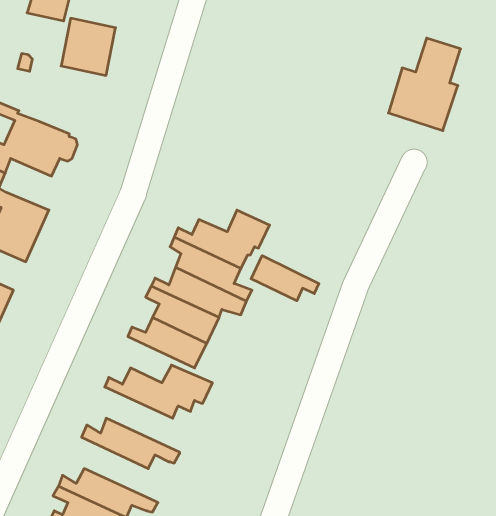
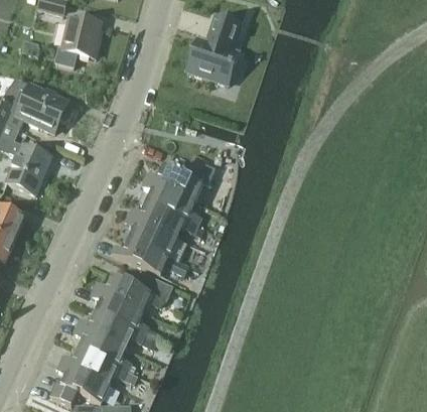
building: [388,38,461,131] -> [187,14,241,83]
building: [251,256,319,301] -> none
building: none -> [91,287,154,337]
building: none -> [73,324,134,372]

